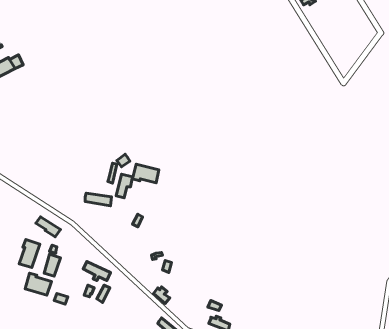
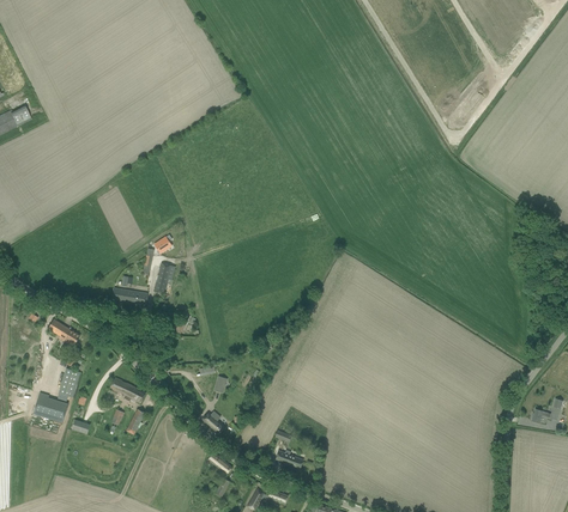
building: [133,164,159,183] -> none
building: [19,240,40,268] -> none

